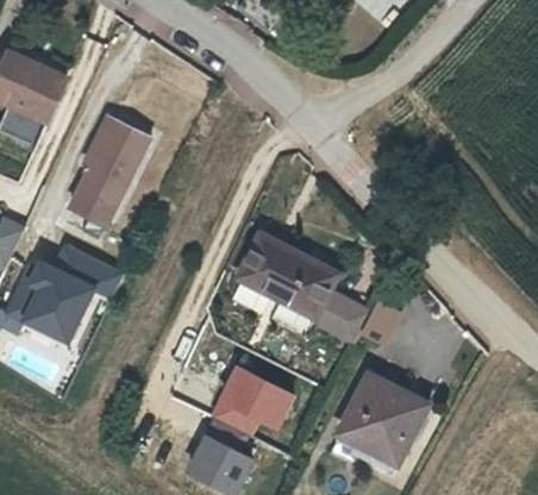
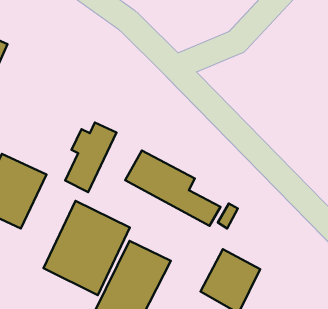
building: [73,125,146,225] -> [65,122,116,192]
building: none -> [43,201,130,295]

